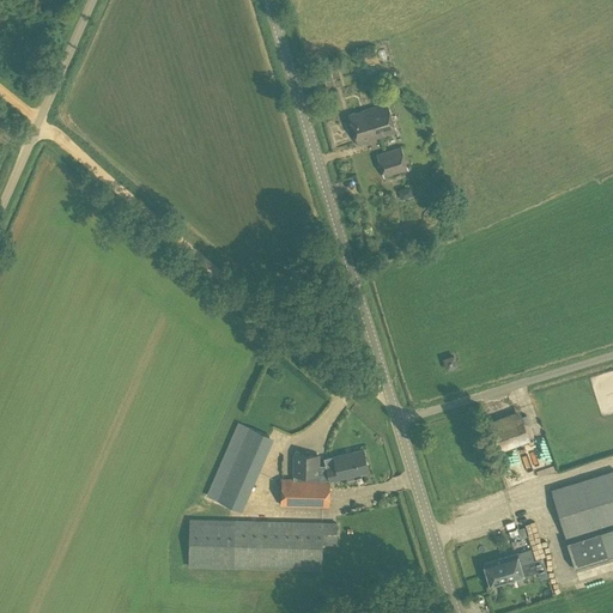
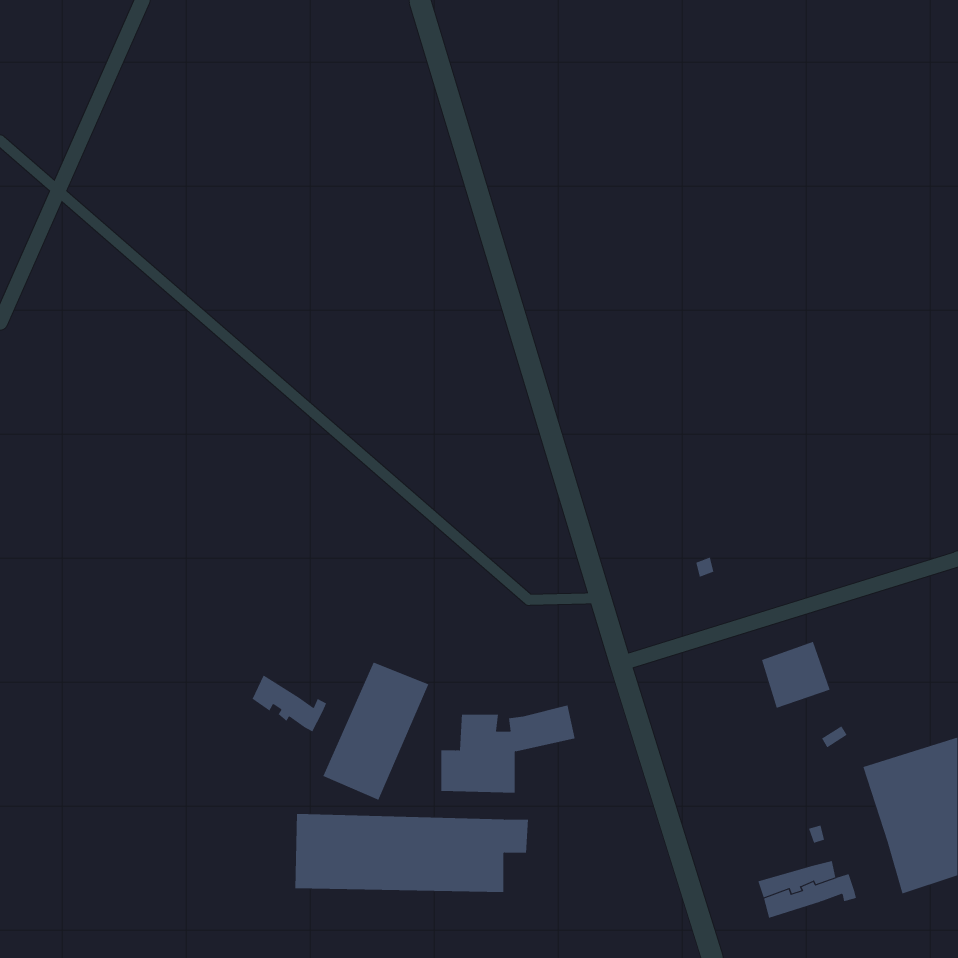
building: [350,103,396,144] -> none
building: [377,146,408,177] -> none
building: none -> [252,675,327,732]

